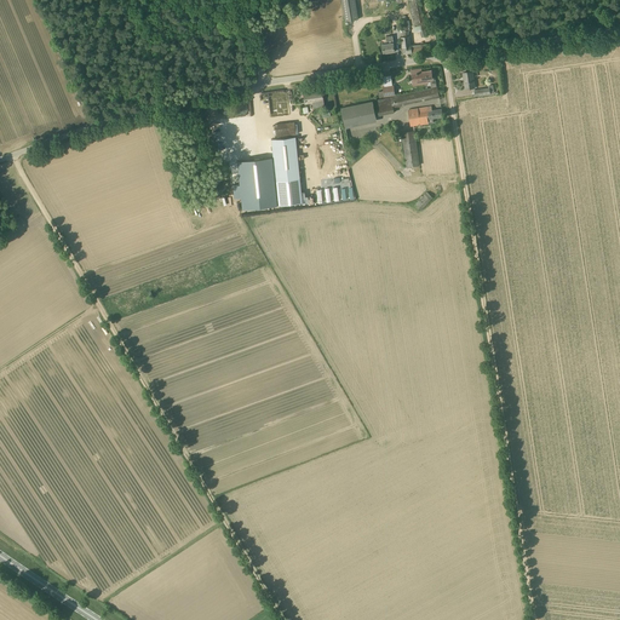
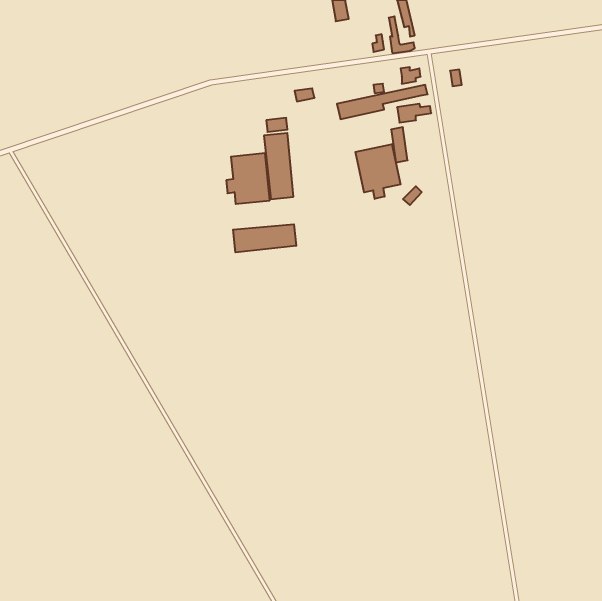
building: none -> [355,144,401,199]
building: none -> [233,224,296,252]

